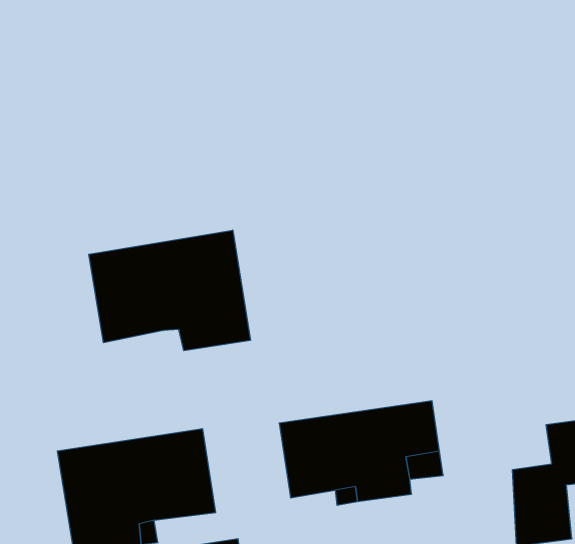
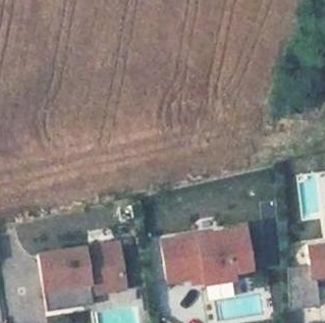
building: [89,230,250,351] -> none

